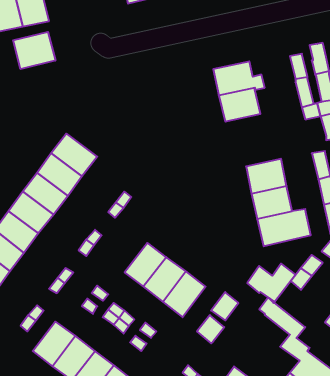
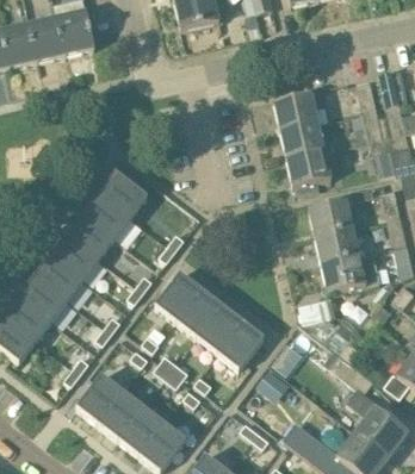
building: [13,32,55,69] -> none
building: none -> [286,149,330,186]
building: none -> [155,273,202,322]

